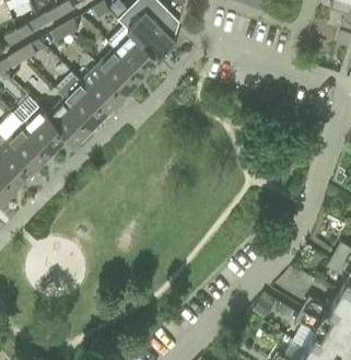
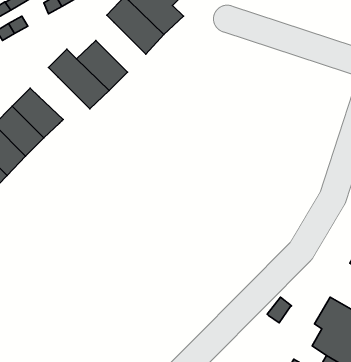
building: [98,49,143,94] -> none
building: [47,98,93,144] -> none

